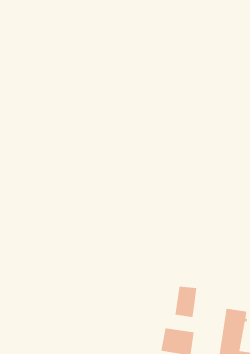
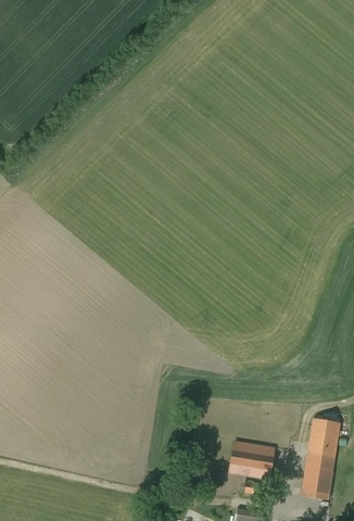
building: [175,286,197,318] -> none

